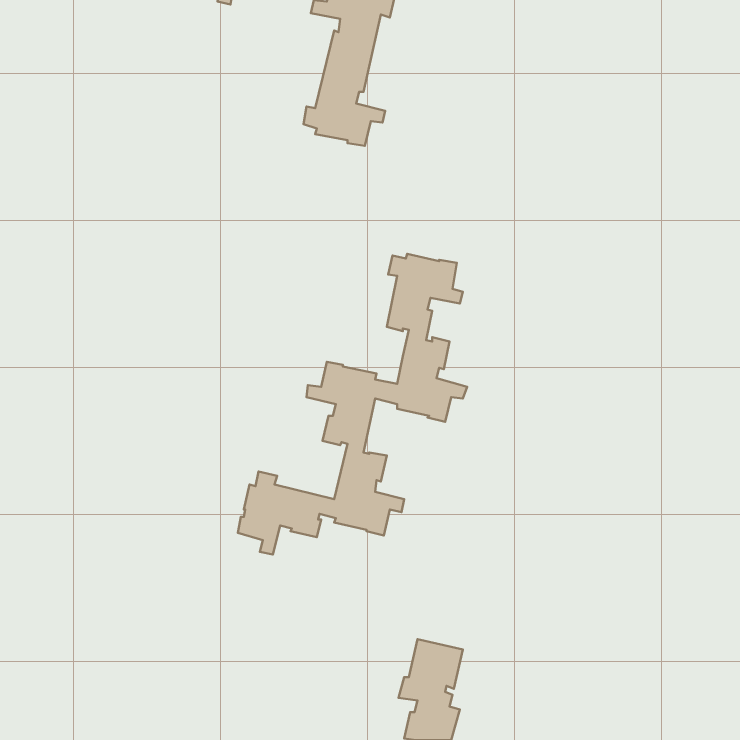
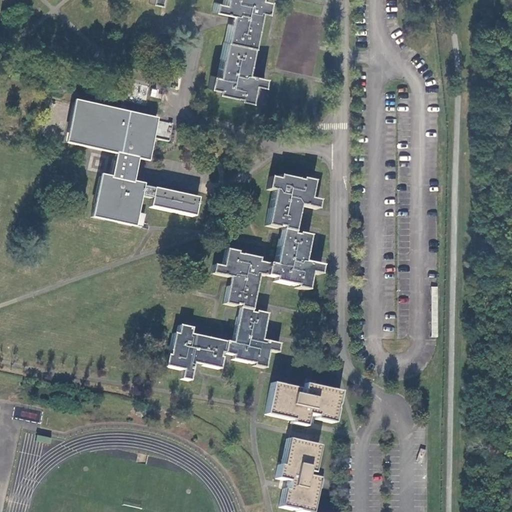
building: none -> [69,98,202,222]
building: none -> [267,382,343,425]

